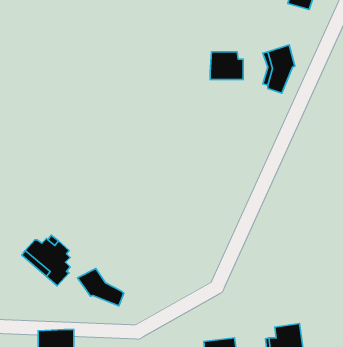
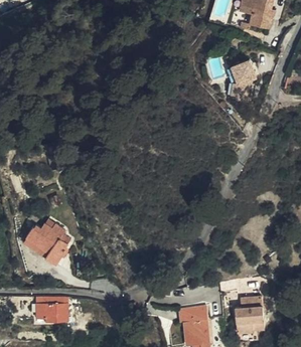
building: [210,52,243,79] -> none
building: [78,268,124,306] -> none

